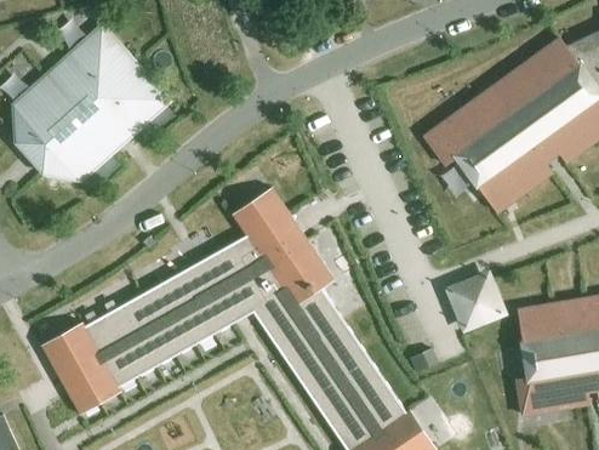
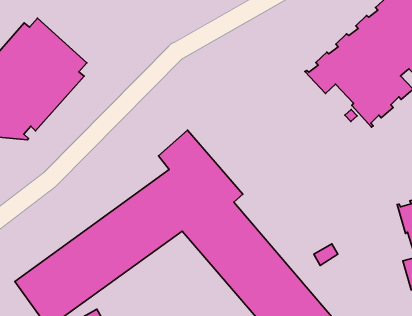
building: [451,275,502,326] -> none

